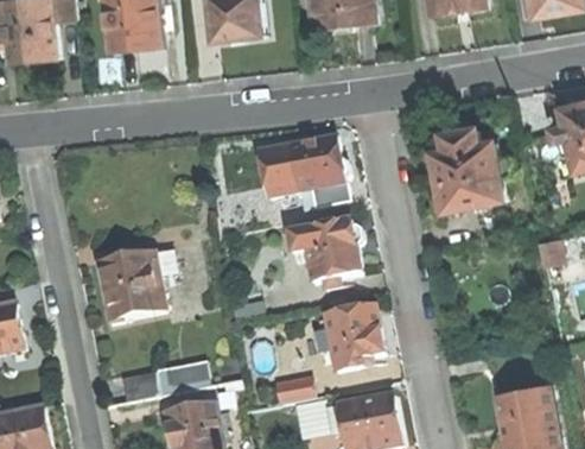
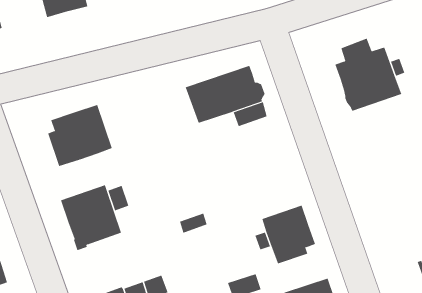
building: none -> [47,104,113,167]
building: [287,219,361,280] -> none

